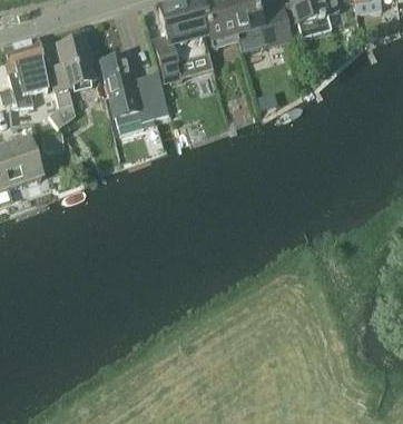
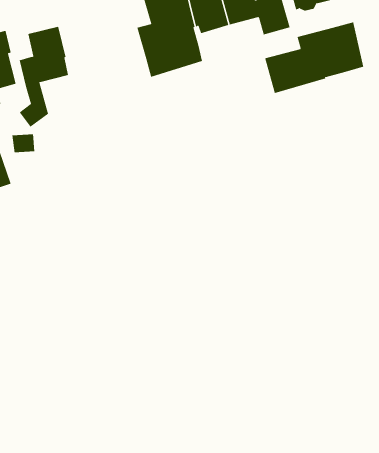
building: none -> [265,21,364,94]
building: [100,52,170,134] -> none

